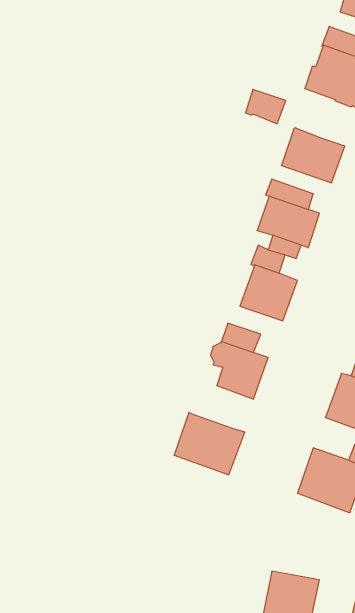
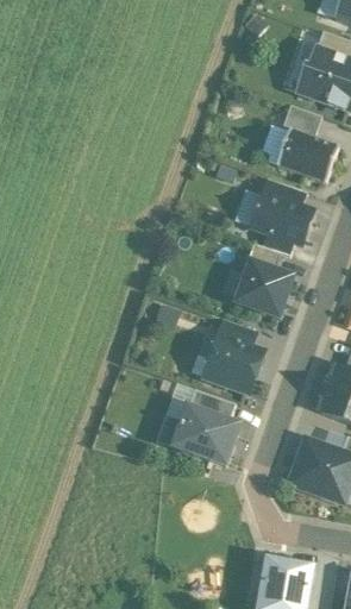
building: [245,89,286,124] -> [281,105,320,138]
building: none -> [187,389,234,421]

